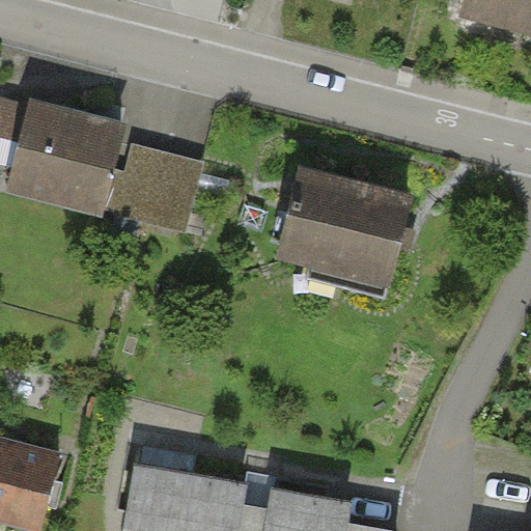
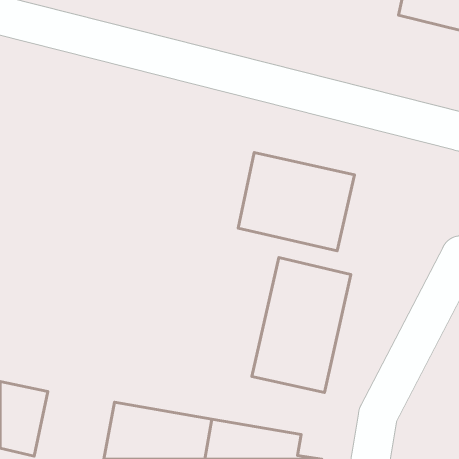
building: [9,109,201,235] -> none
building: none -> [252,257,351,393]

